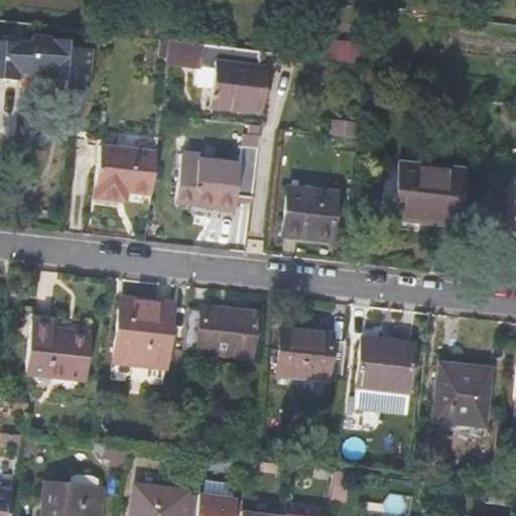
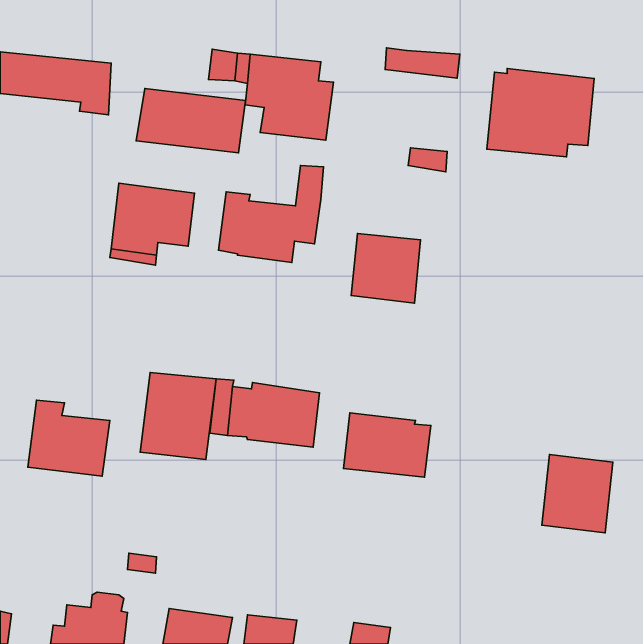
building: none -> [136,89,246,153]
building: [381,162,467,233] -> [487,68,594,157]
building: [357,339,413,414] -> none

